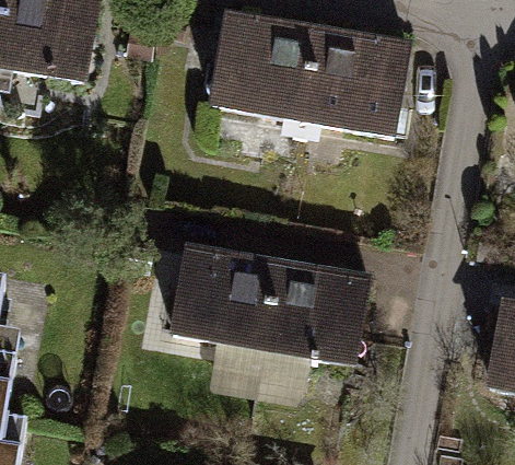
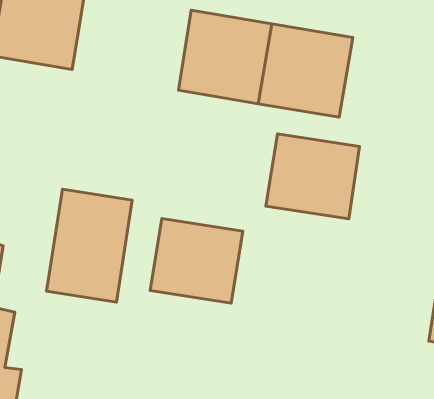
building: none -> [47,189,132,302]
building: [262,263,367,358] -> [266,134,359,219]

